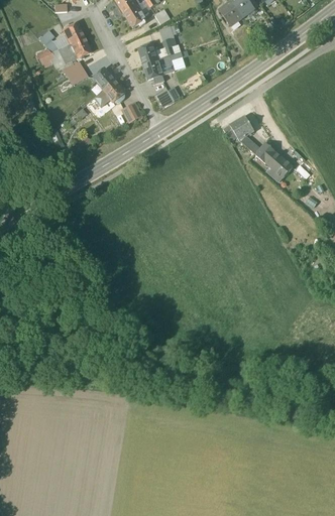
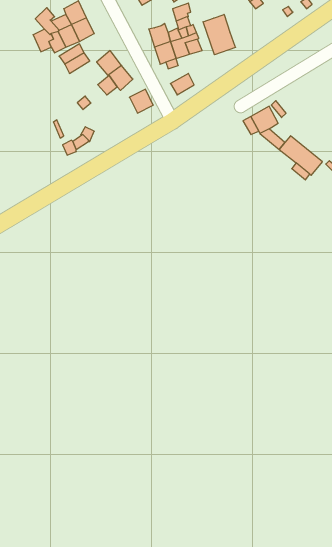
building: none -> [203,14,236,55]

